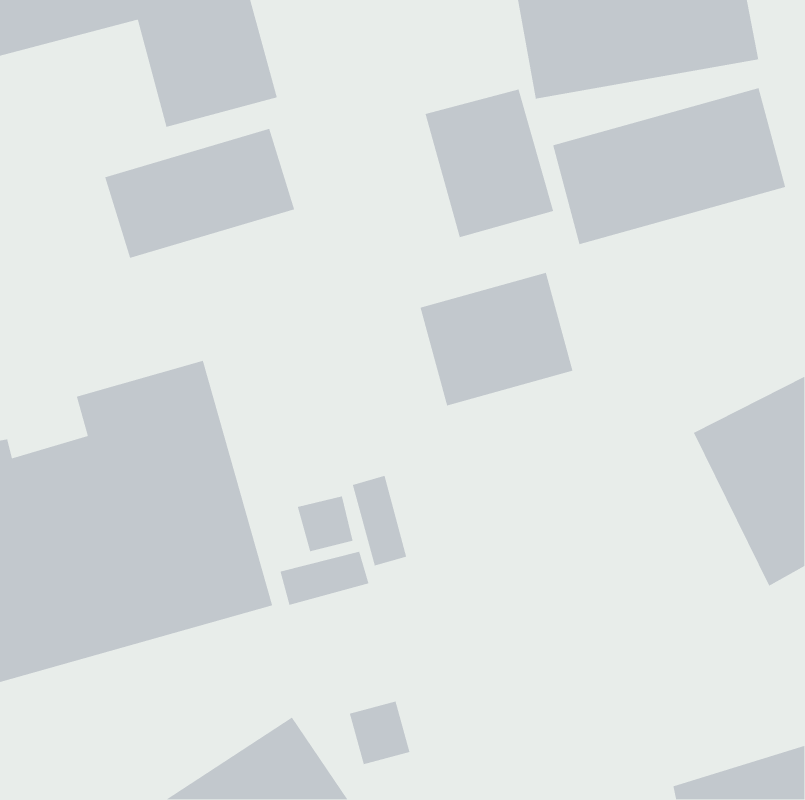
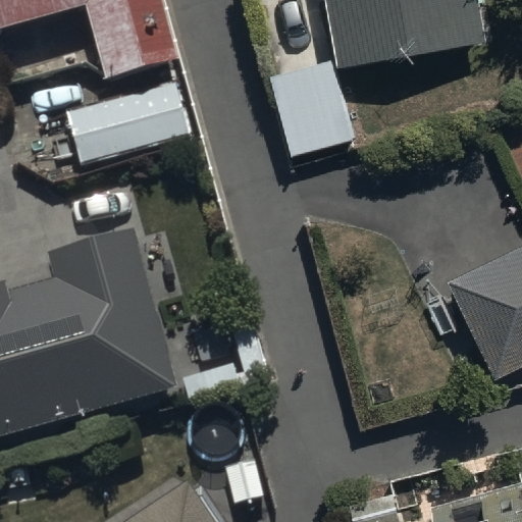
building: [552,87,786,245] -> none
building: [419,272,573,407] -> none

